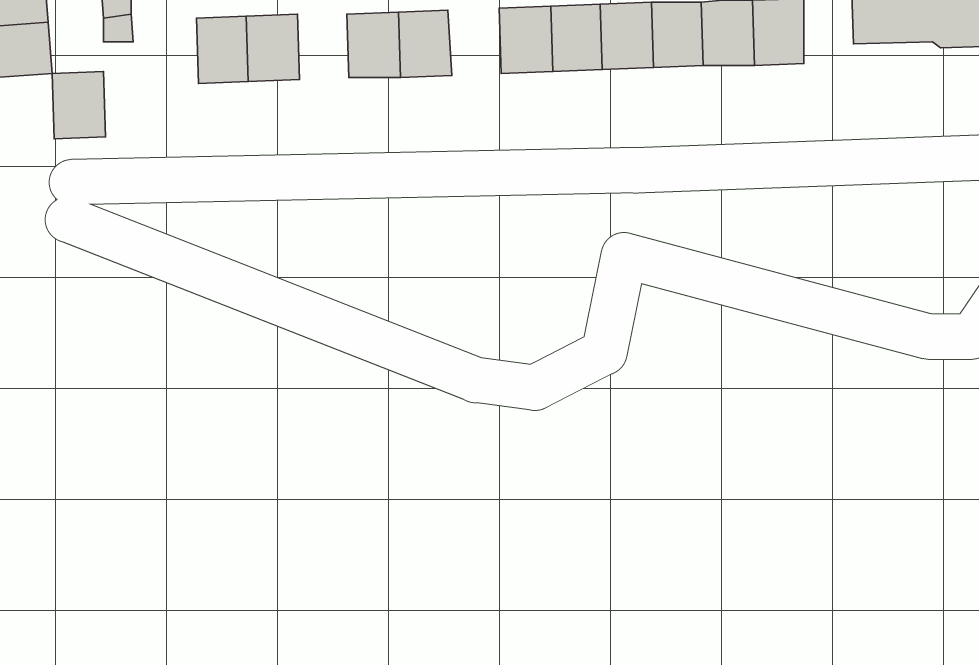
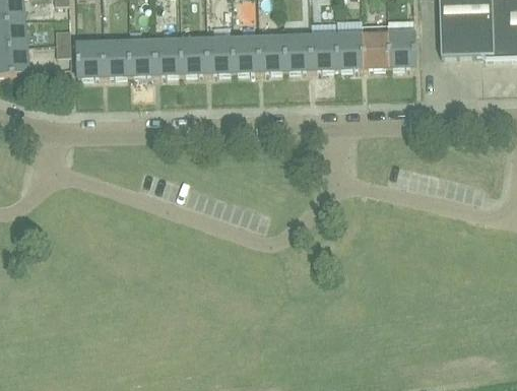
building: none -> [233,36,260,70]
building: none -> [155,39,182,72]
building: [52,71,106,139] -> [77,41,105,75]

